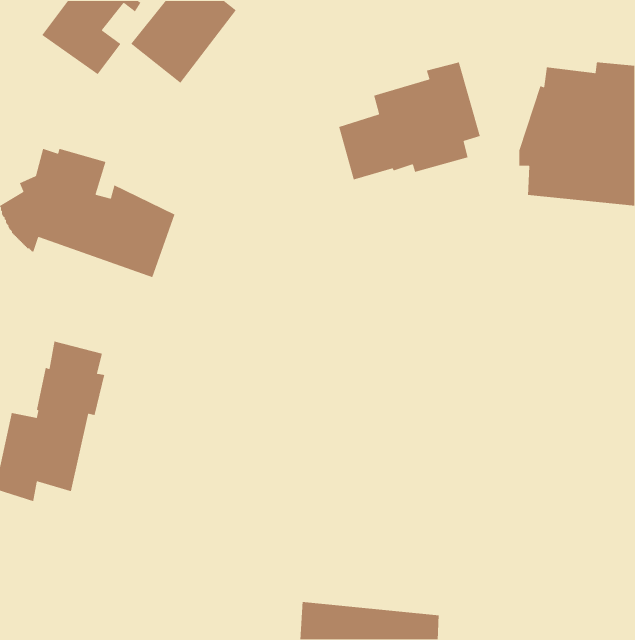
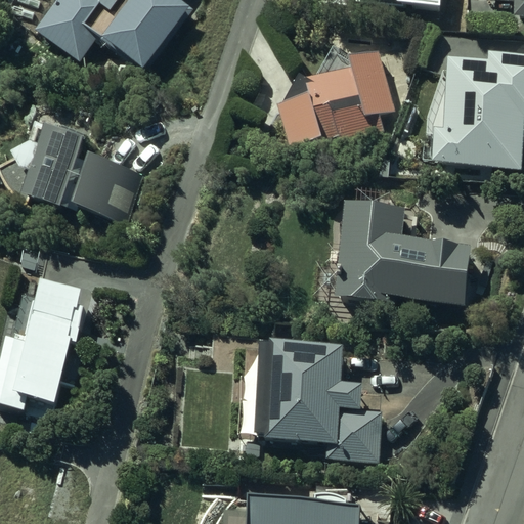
building: none -> [321,198,472,307]
building: none -> [238,337,378,462]

